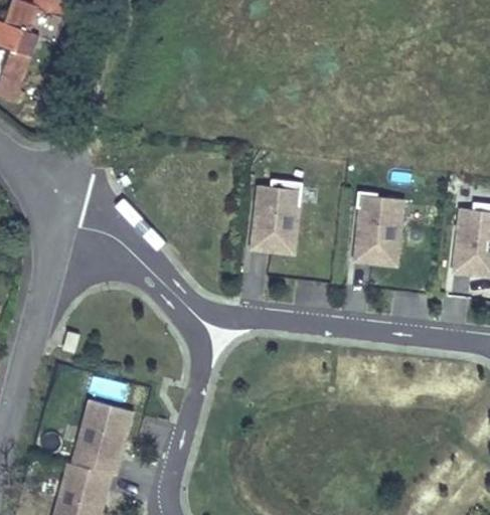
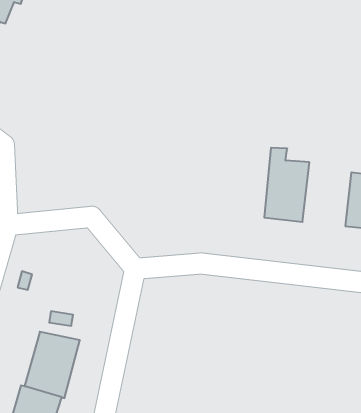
building: [246,182,302,259] -> none

